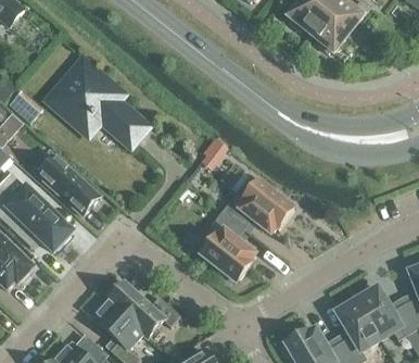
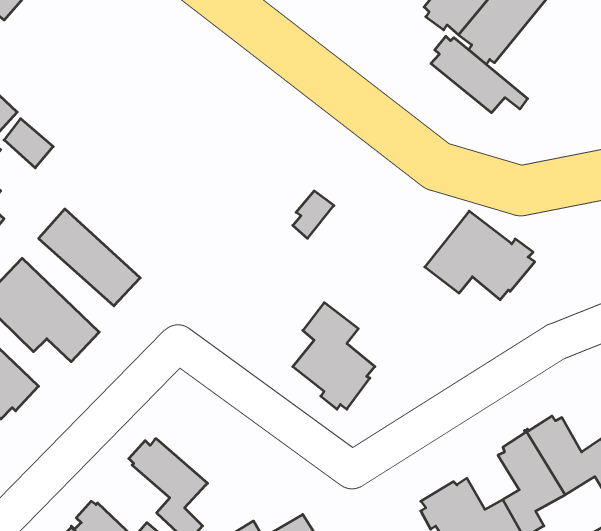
building: none -> [431,36,528,113]
building: [49,59,148,145] -> none
building: [221,174,294,233] -> [425,211,535,300]
building: [109,281,181,336] -> none

